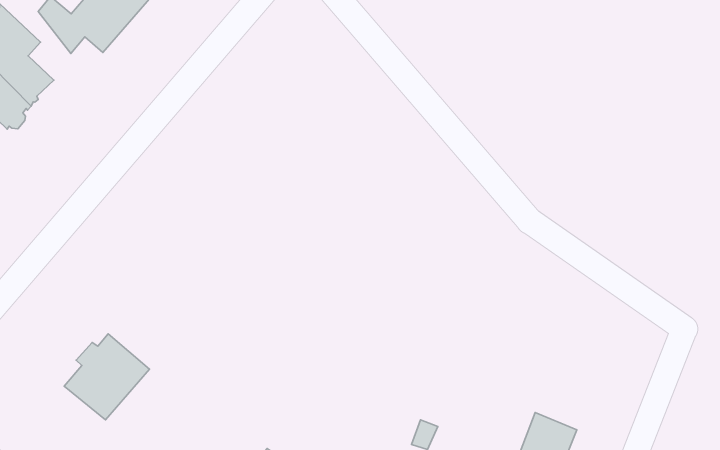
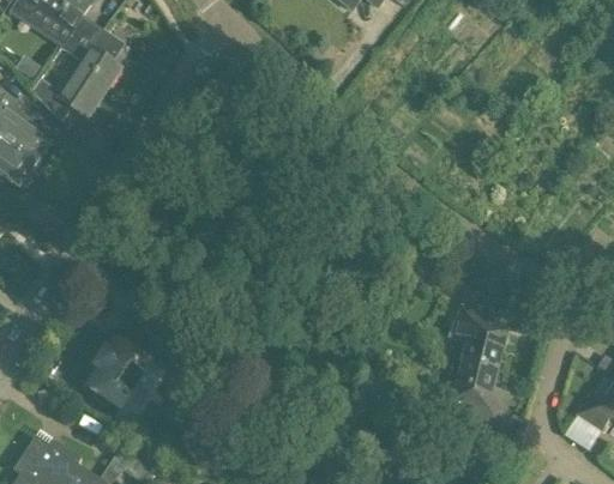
building: none -> [452,304,507,370]

